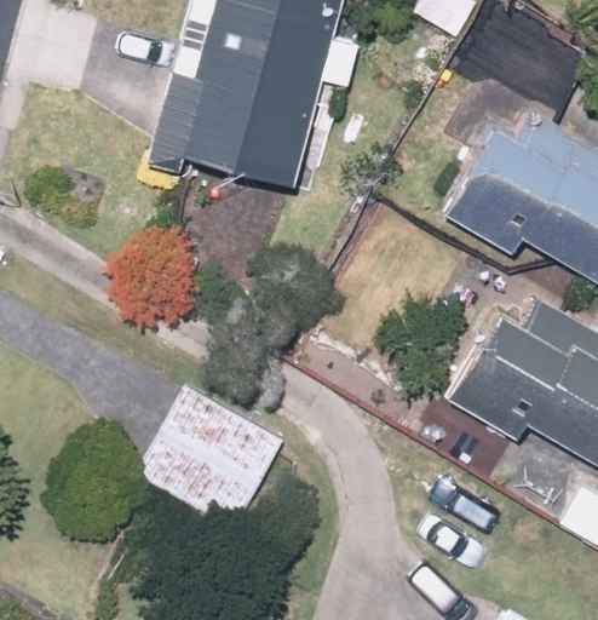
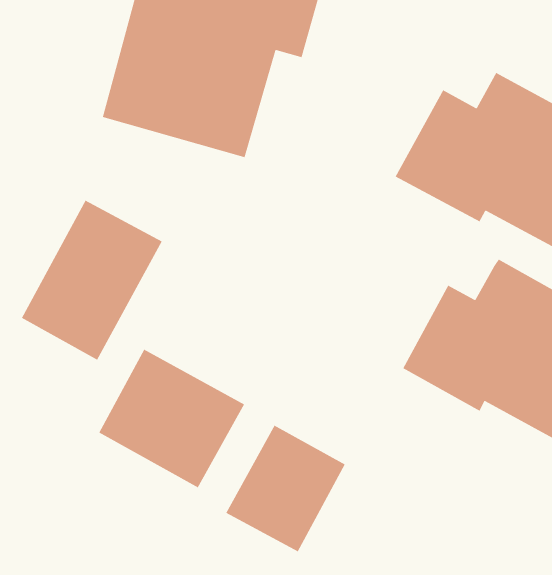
building: none -> [21,199,163,361]
building: none -> [225,424,346,552]

